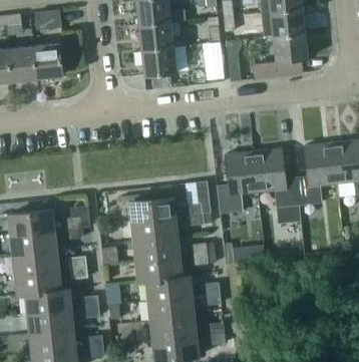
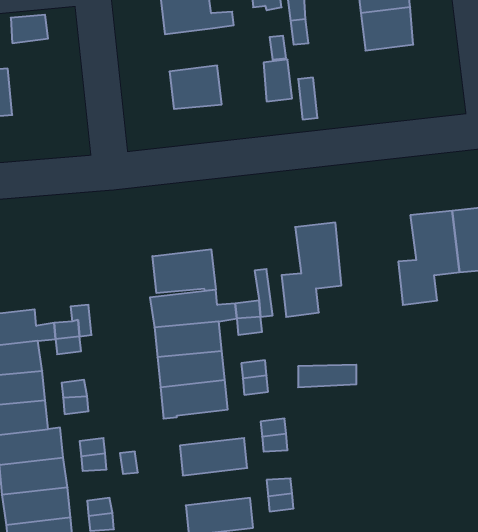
building: [138,20,186,49] -> none
building: [255,31,308,78] -> none
building: [33,44,62,78] -> none
building: [253,147,300,224] -> none
building: none -> [152,249,216,293]
building: [146,275,192,300] -> none
building: [150,315,196,340] -> none

